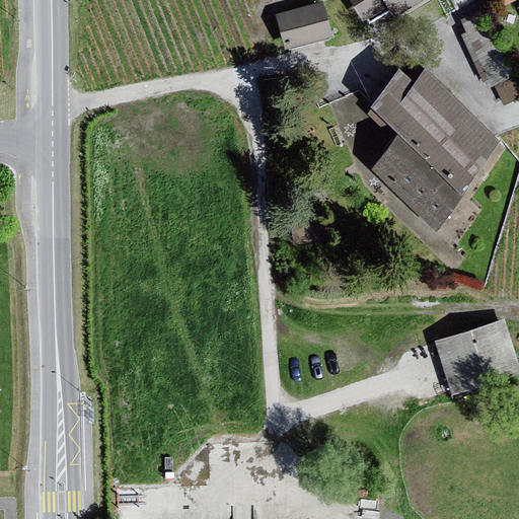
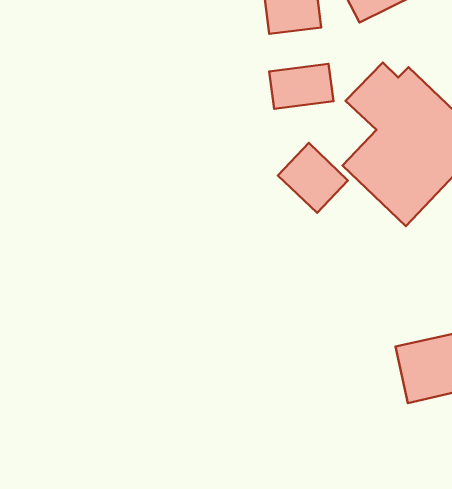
building: none -> [269,64,333,109]
building: none -> [278,143,348,213]

